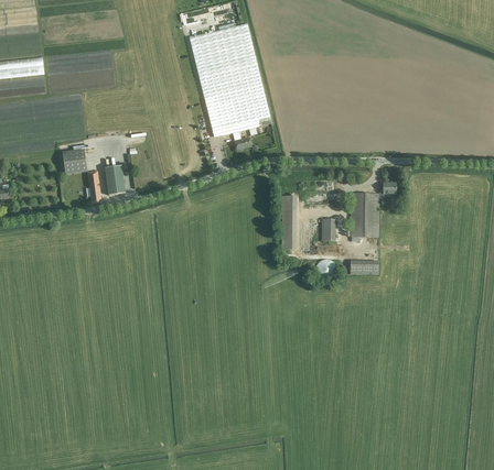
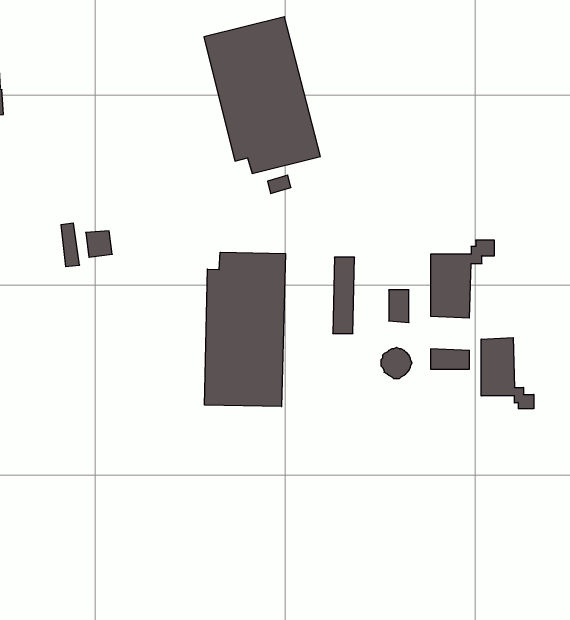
building: [63,149,87,174] -> none
building: none -> [205,252,285,407]
building: none -> [481,338,534,409]

